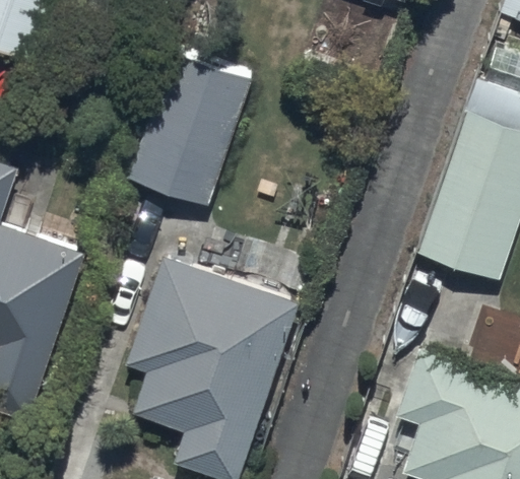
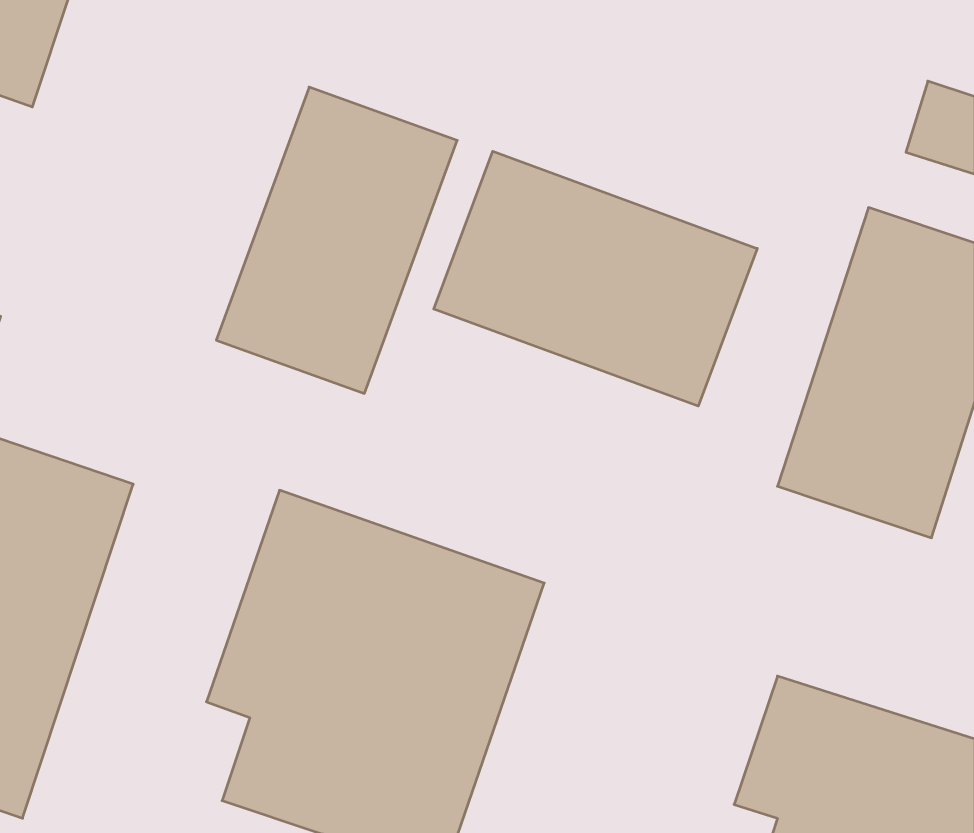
building: none -> [434,151,757,406]

